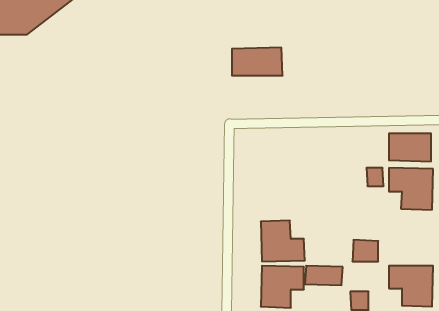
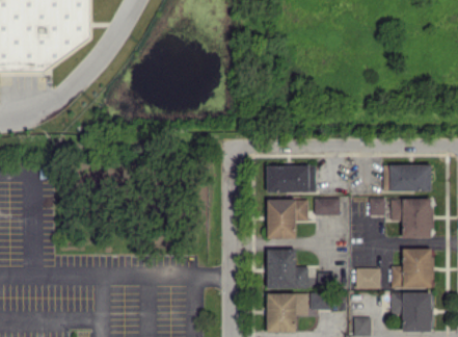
building: [232,48,283,76] -> [267,165,316,192]
building: none -> [314,198,340,215]
building: none -> [267,199,307,238]
building: none -> [390,249,433,287]

